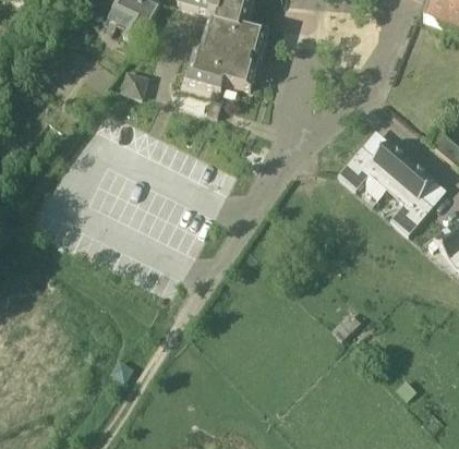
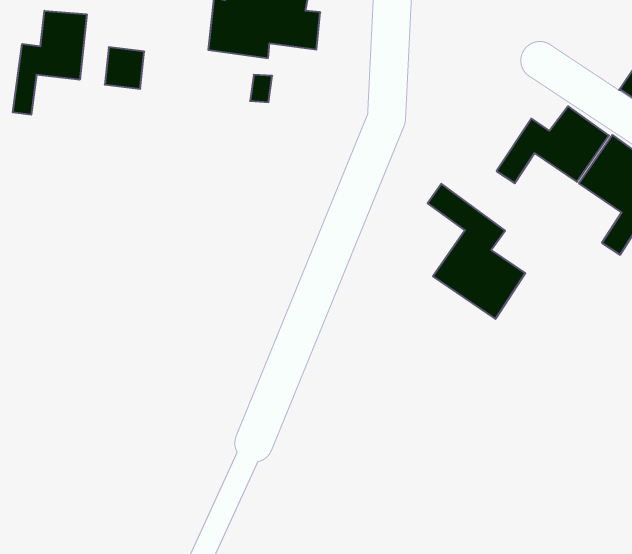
building: none -> [13,11,87,115]
building: none -> [428,184,525,319]

